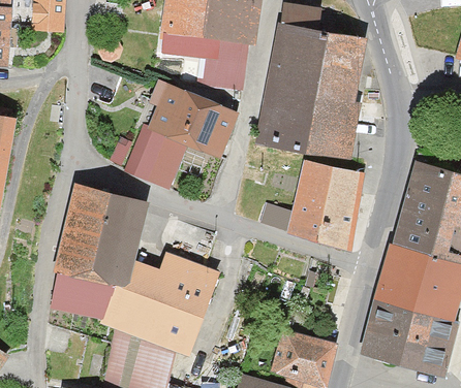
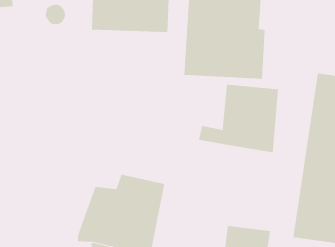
building: [128,82,238,184] -> none
building: [51,184,147,317] -> none

